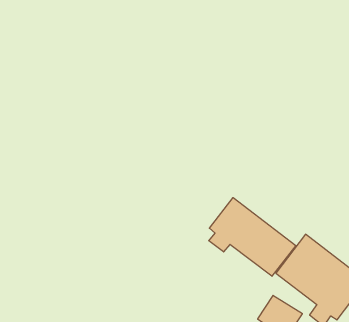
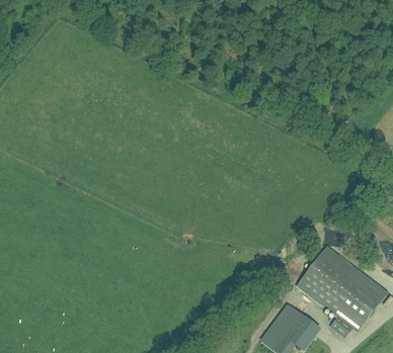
building: [209,198,296,276] -> none

